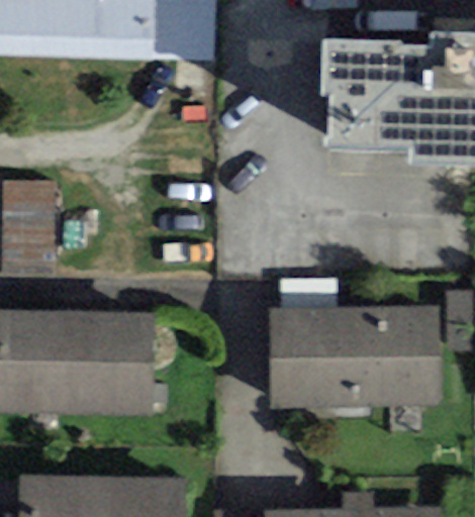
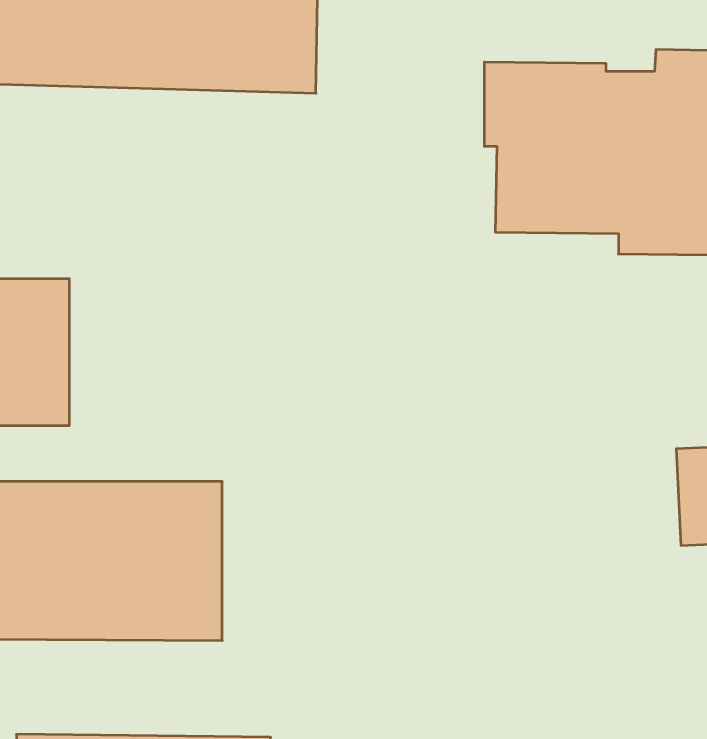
building: [269,306,440,410] -> none

